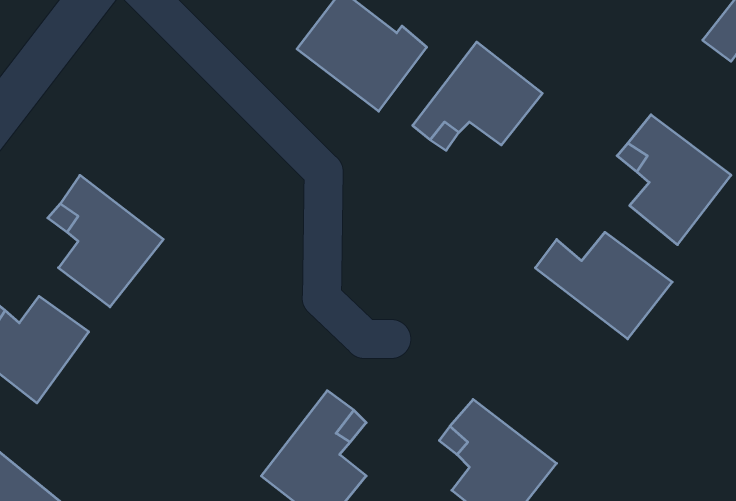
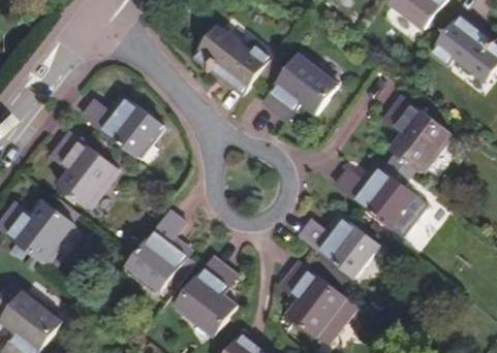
building: none -> [83,94,163,158]
building: none -> [127,212,190,291]
building: none -> [298,216,379,278]

